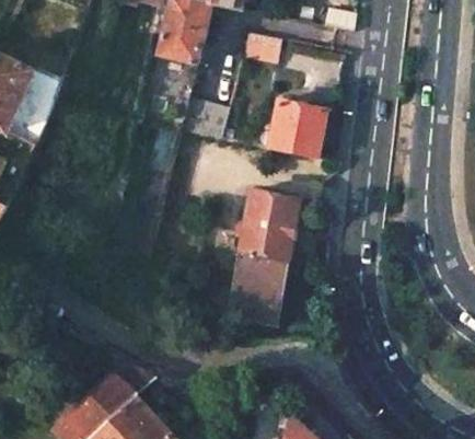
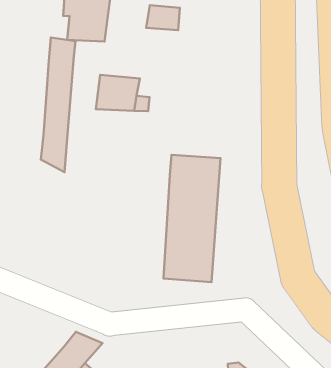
building: none -> [41,38,75,172]
building: [268,102,325,158] -> none

